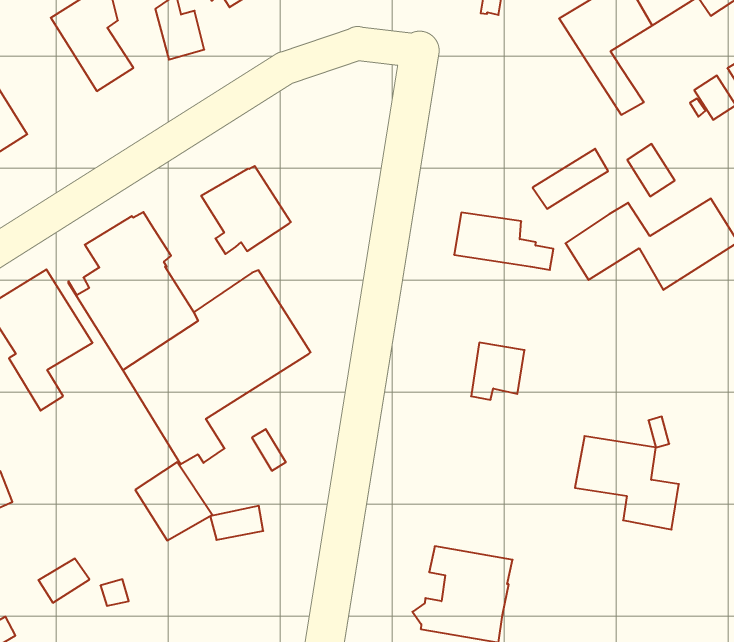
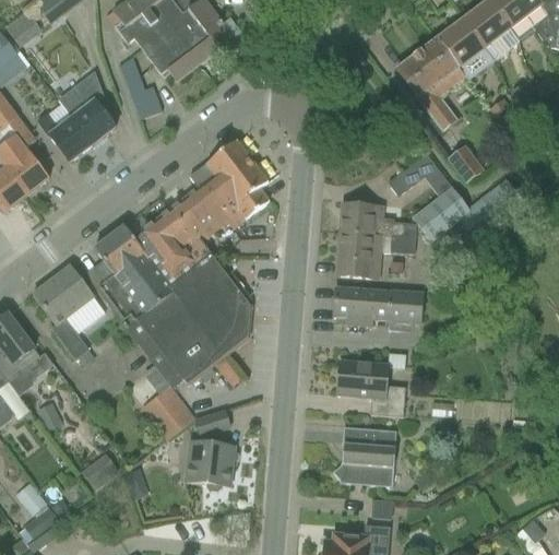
building: none -> [38,113,93,162]
building: none -> [189,140,269,227]
building: none -> [138,208,206,285]
building: none -> [336,222,415,278]
building: none -> [333,286,361,324]
building: none -> [390,291,421,322]
building: none -> [185,306,249,374]
building: [575,436,679,530] -> [336,359,405,416]
building: none -> [186,441,234,491]

